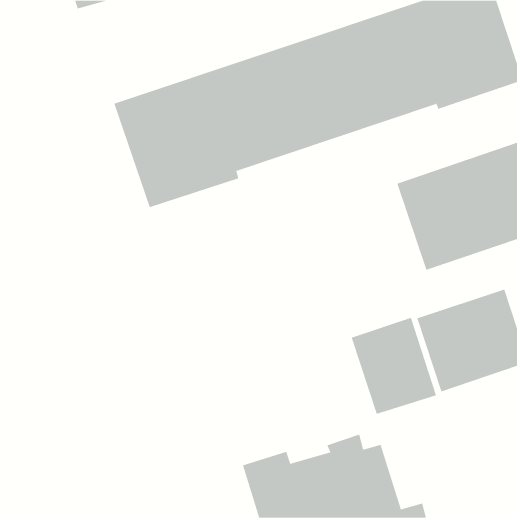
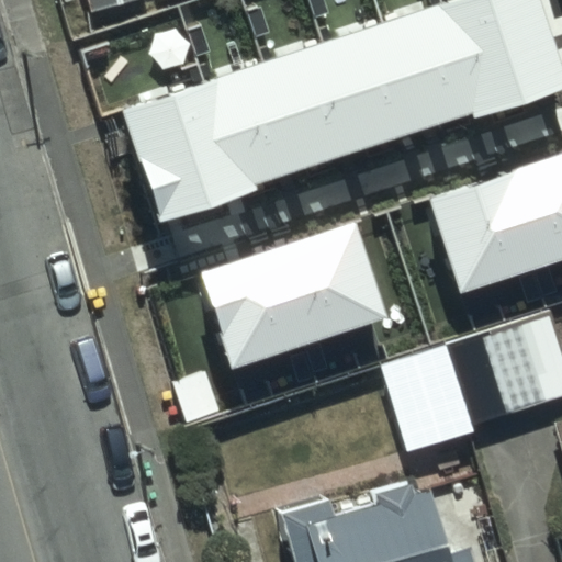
building: none -> [202,221,389,368]

